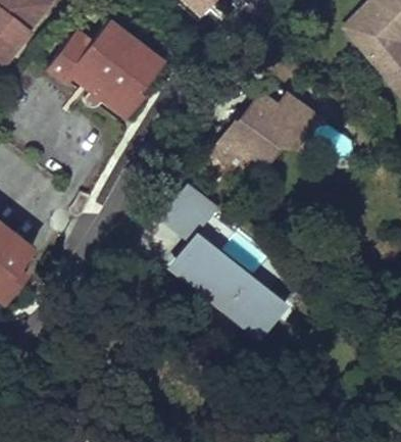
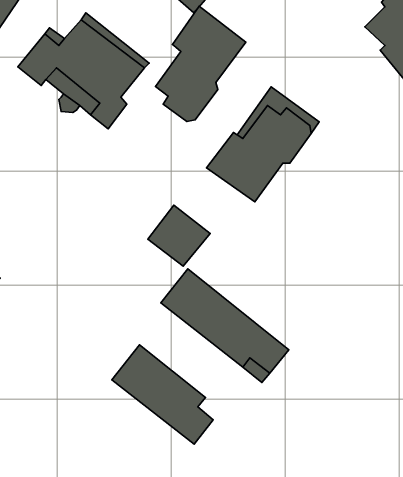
building: none -> [155,6,246,121]
building: none -> [112,345,213,444]

